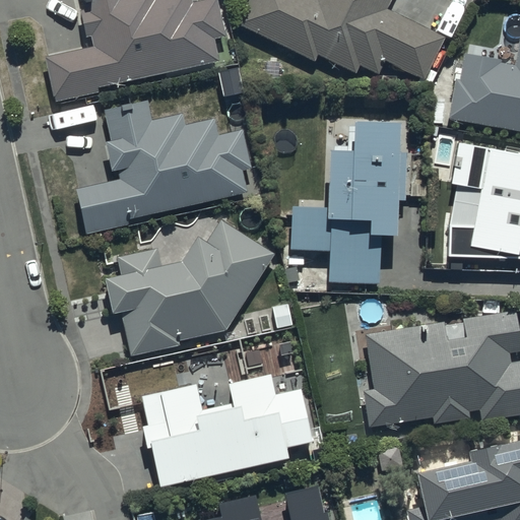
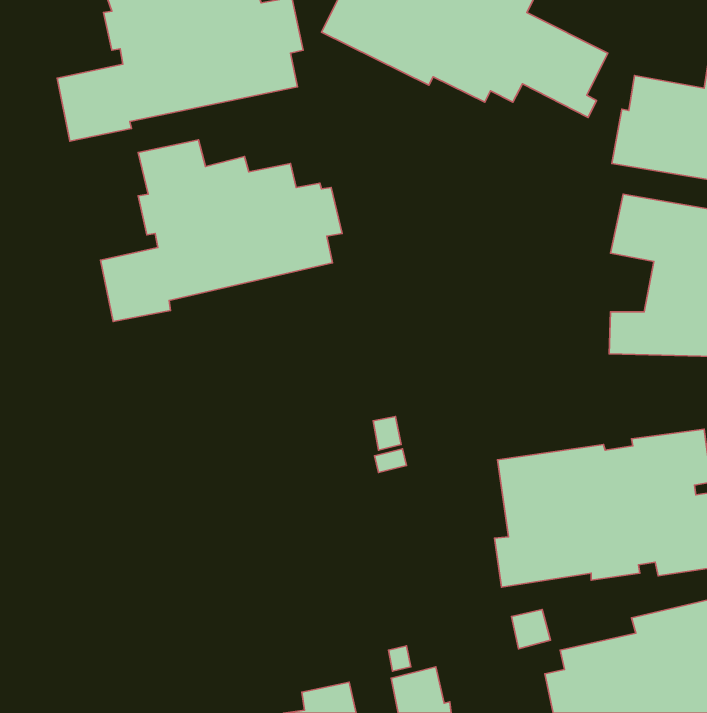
building: [291,126,406,282] -> none
building: [103,222,274,356] -> none
building: [140,374,313,490] -> none

